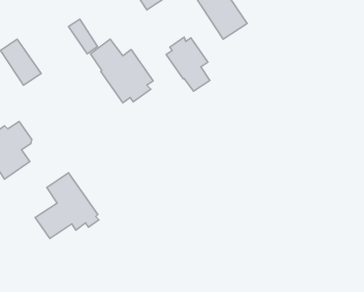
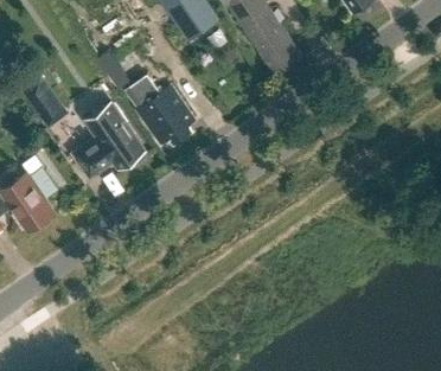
building: [166,37,210,91] -> none
building: [35,173,99,239] -> [75,103,147,178]

